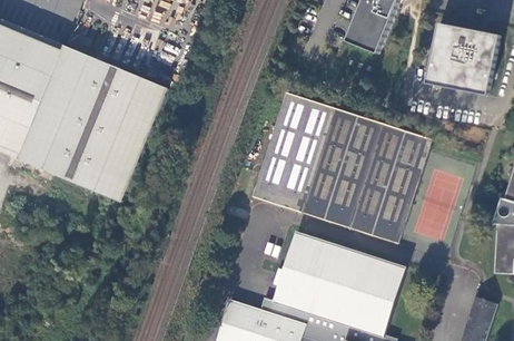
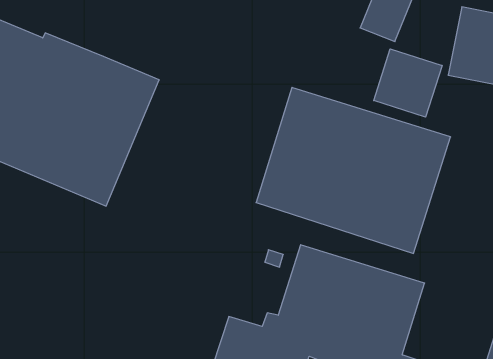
building: none -> [374,49,442,117]

